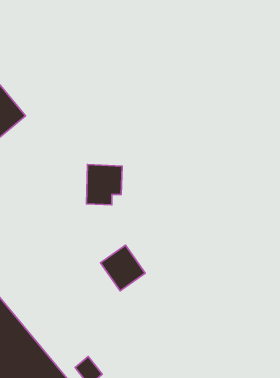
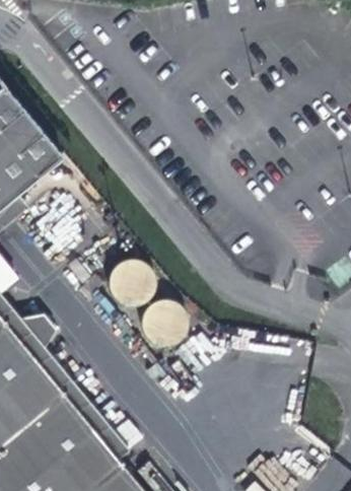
building: [87,164,122,205] -> [114,264,152,307]

